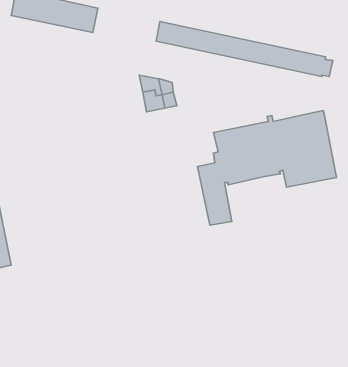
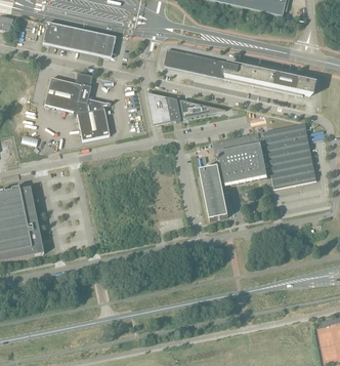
building: none -> [44,72,110,139]
building: none -> [179,99,225,119]

